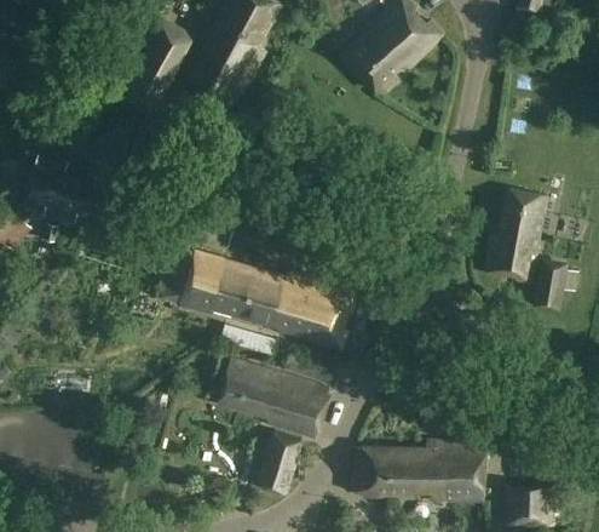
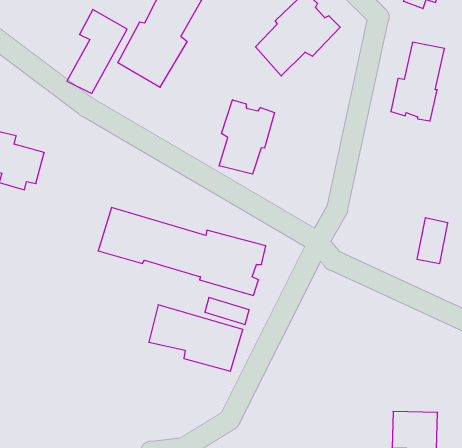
building: none -> [219,100,275,174]
building: [484,189,547,281] -> [391,42,445,121]
building: [257,430,301,492] -> none
building: [352,440,485,500] -> none

